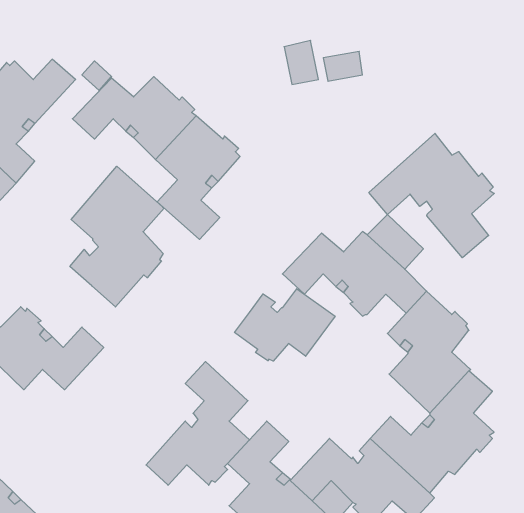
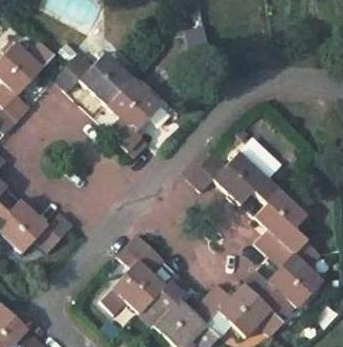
building: [369,133,494,258] -> none
building: [70,166,164,307] -> none
building: [235,289,335,361] -> none

